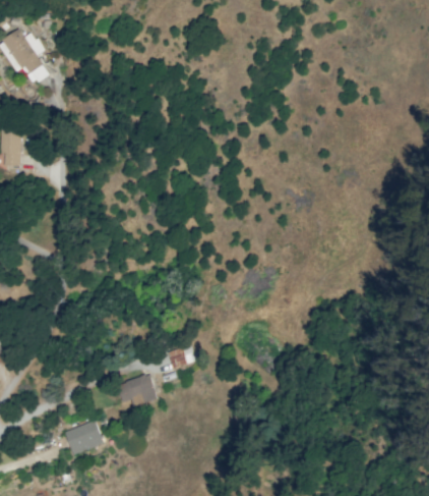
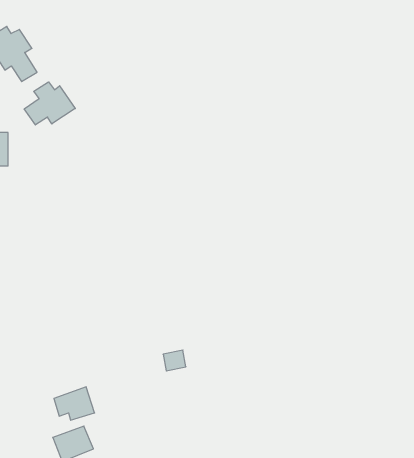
building: none -> [24,82,75,125]
building: [117,374,157,406] -> [54,387,95,420]

